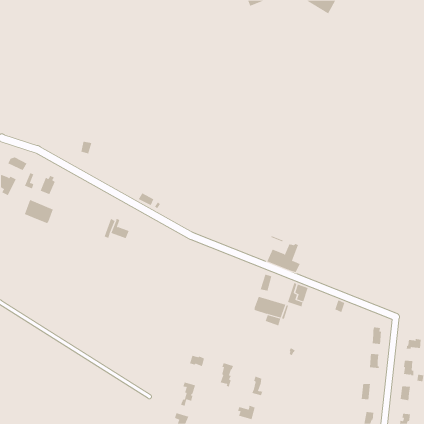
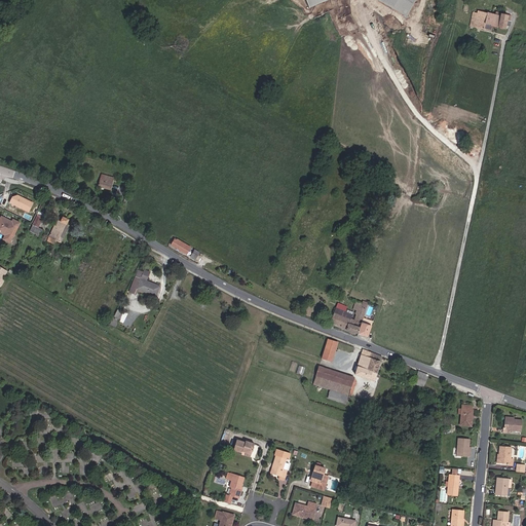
building: none -> [468,11,511,28]
building: [24,199,54,224] -> none

